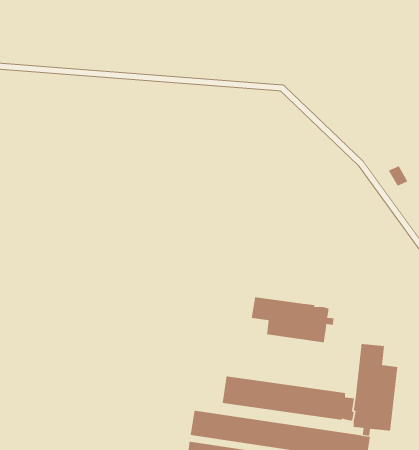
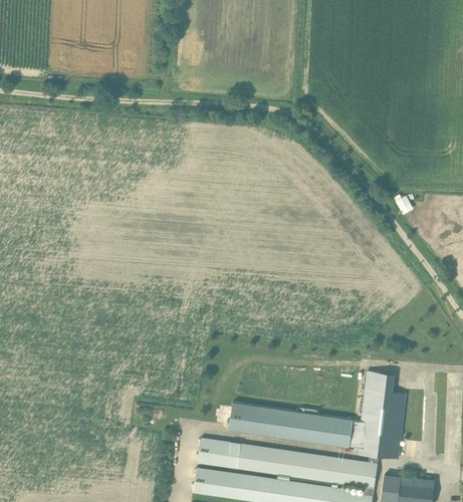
building: [251,296,334,343] -> none

